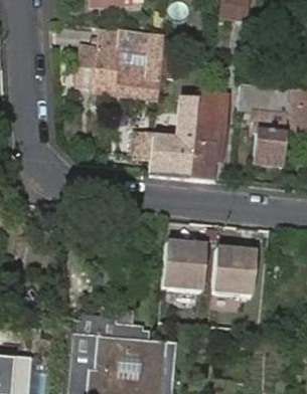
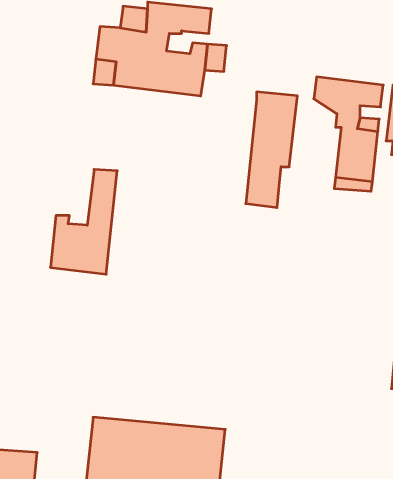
building: [148,99,197,176] -> [50,169,117,274]
building: [162,240,206,292] -> none
building: [212,246,258,299] -> none

